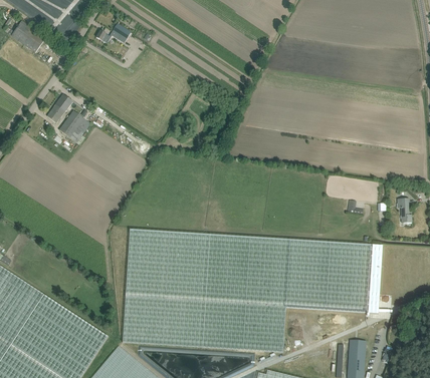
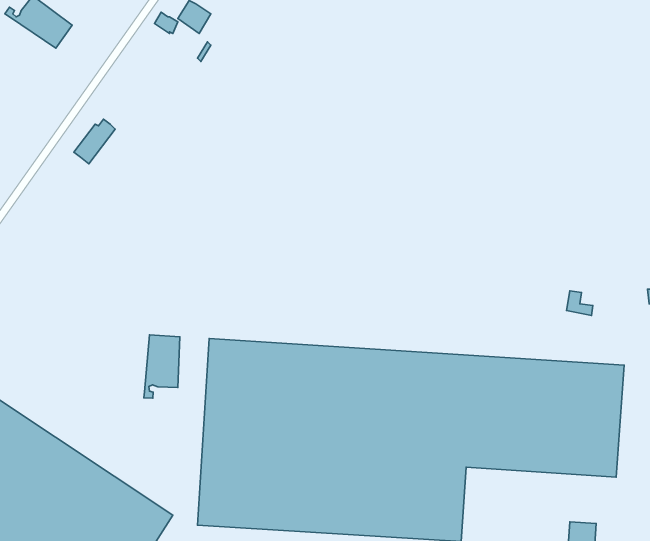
building: [58,110,89,142] -> none
building: none -> [144,335,180,398]

